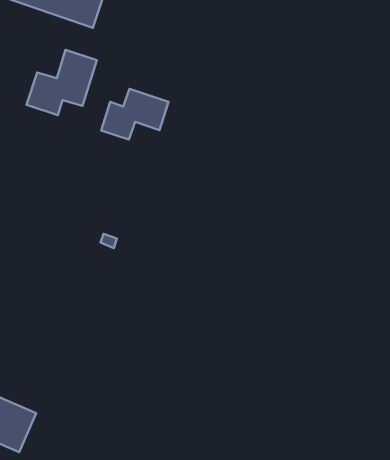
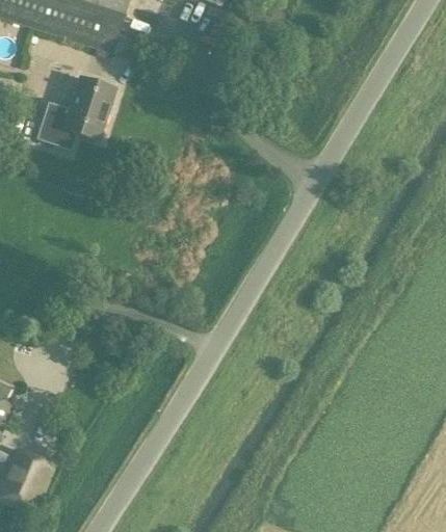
building: [101,89,168,139] -> none

